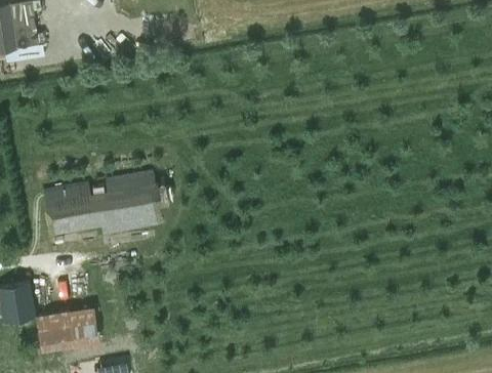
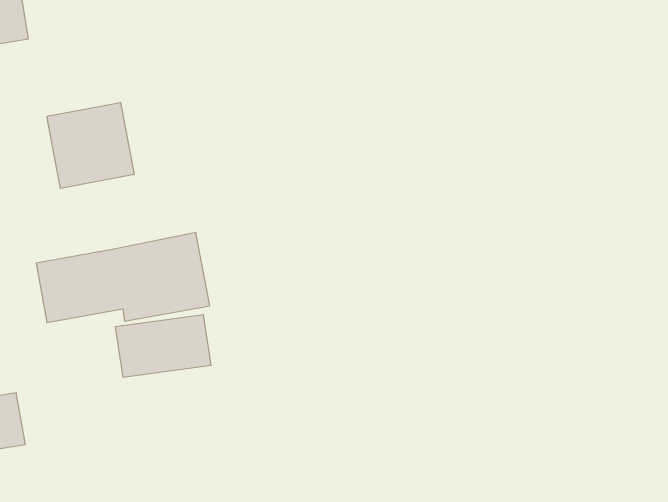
building: none -> [47,102,134,188]
building: [36,308,100,350] -> [115,315,211,377]

